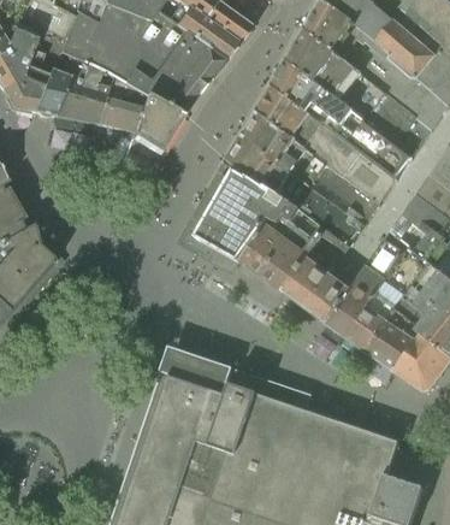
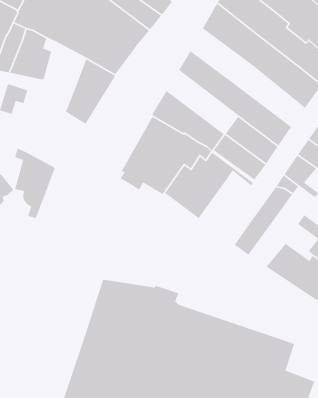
building: [273,59,413,178] -> none
building: [96,71,147,158] -> [14,148,56,219]
building: [244,110,331,187] -> none
building: [284,232,349,322] -> none
building: [344,278,396,348] -> none

